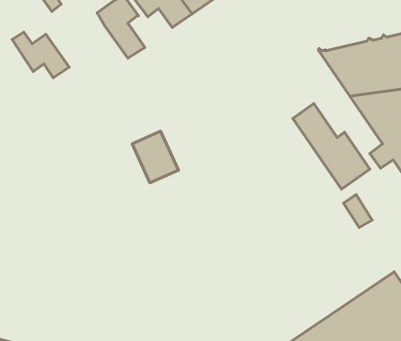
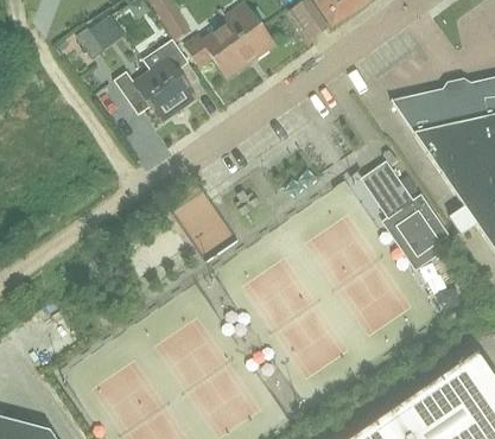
building: [12,32,69,78] -> [114,72,178,123]

